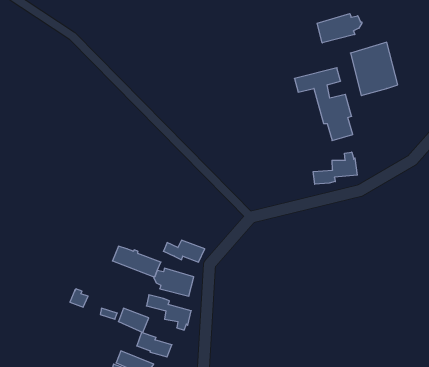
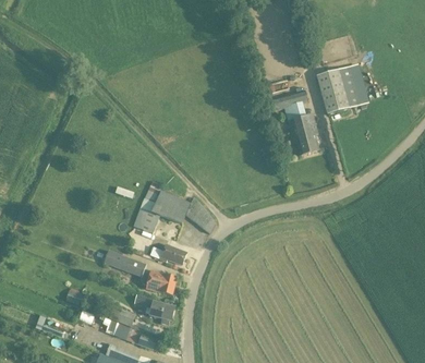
building: [317,14,362,43] -> none
building: [313,152,357,184] -> none
building: none -> [133,181,214,233]

